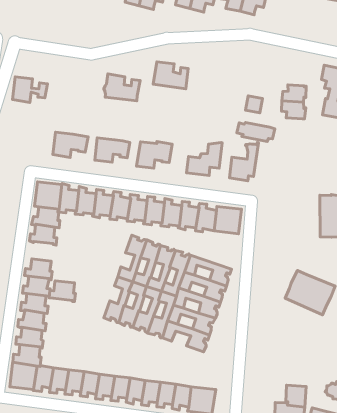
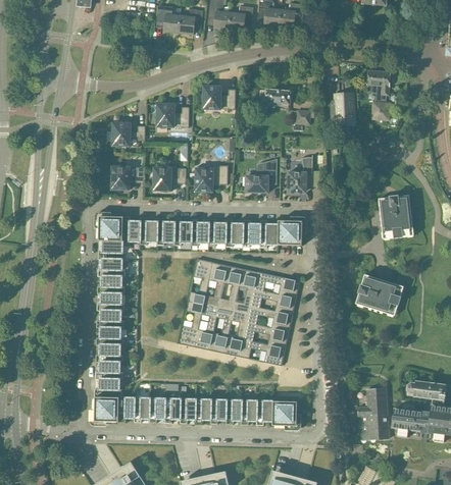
building: [13,77,48,102] -> [112,121,145,145]
building: [237,122,275,141] -> [259,88,296,104]
building: [49,281,75,302] -> [98,275,123,293]

